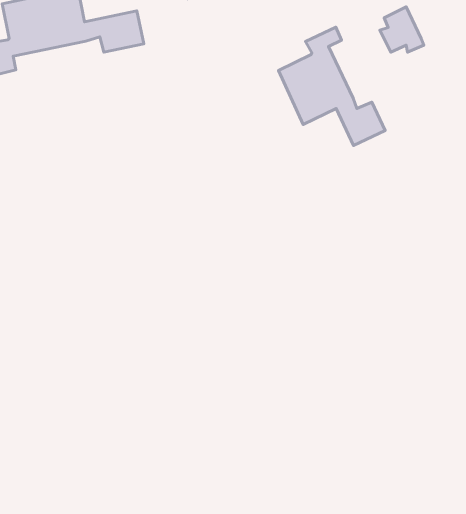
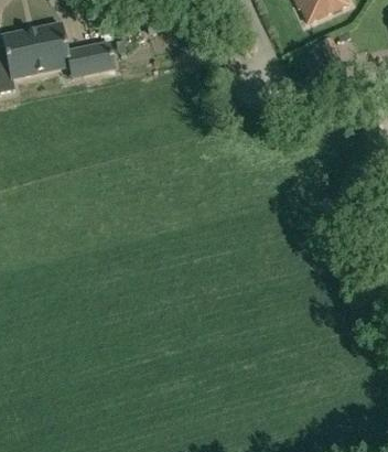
building: [278,27,385,146] -> none

